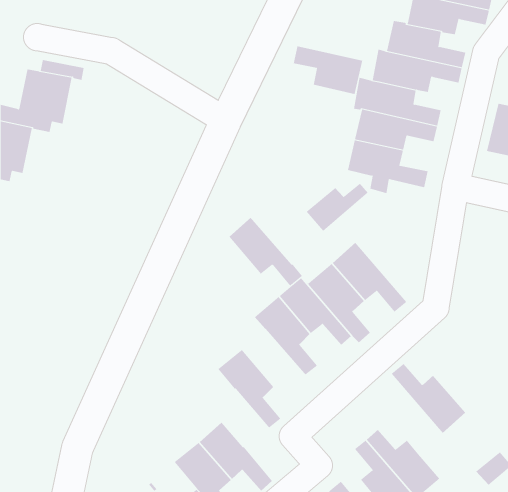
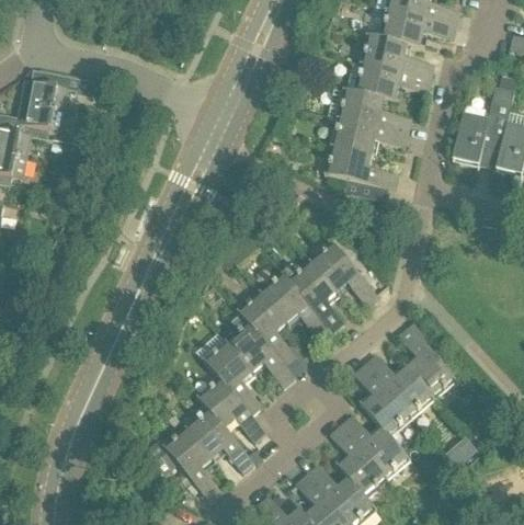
building: [293,45,363,95] -> none
building: [306,183,369,232] -> none
building: [229,217,303,286] -> [226,321,295,386]
building: none -> [398,324,457,399]
building: none -> [354,363,412,437]
building: none -> [196,377,266,442]

